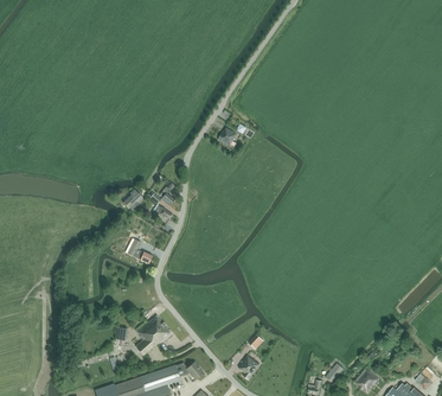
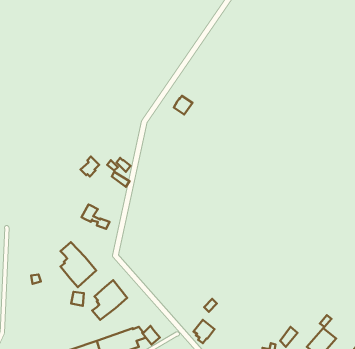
building: none -> [60,242,96,287]

